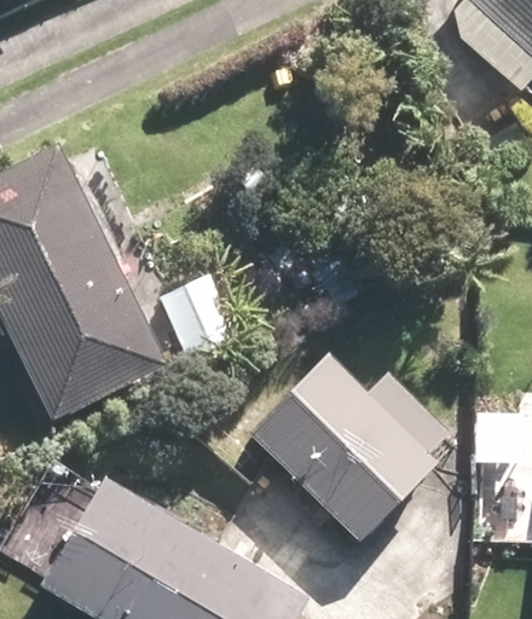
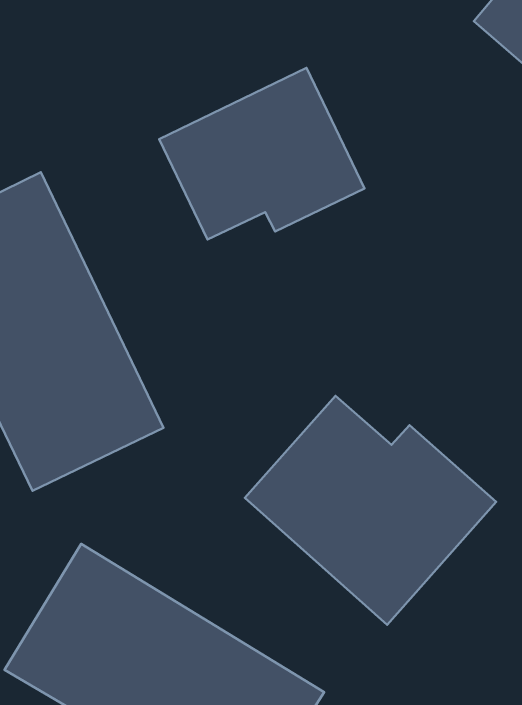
building: none -> [159,68,364,239]

